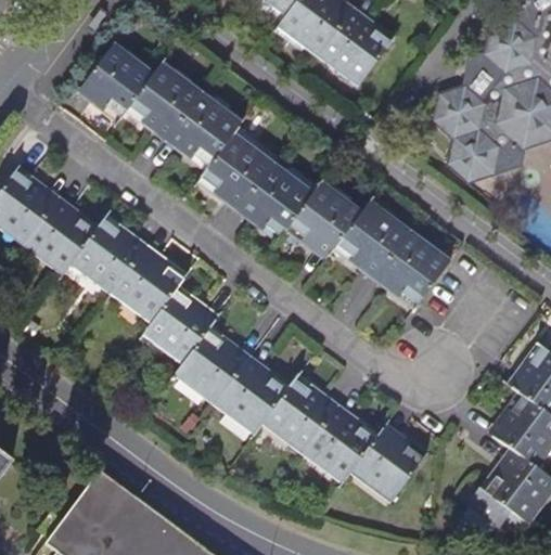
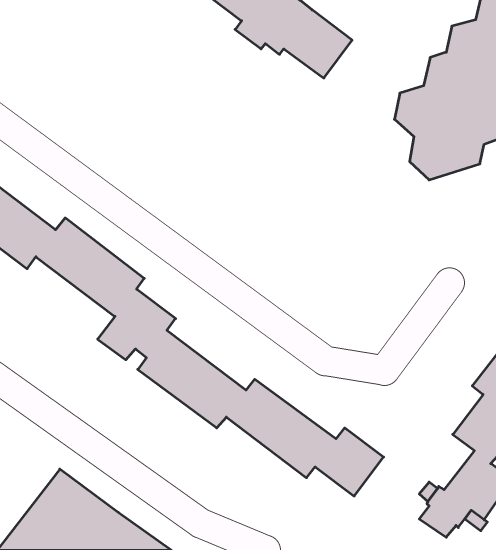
building: [81,49,447,306] -> none

